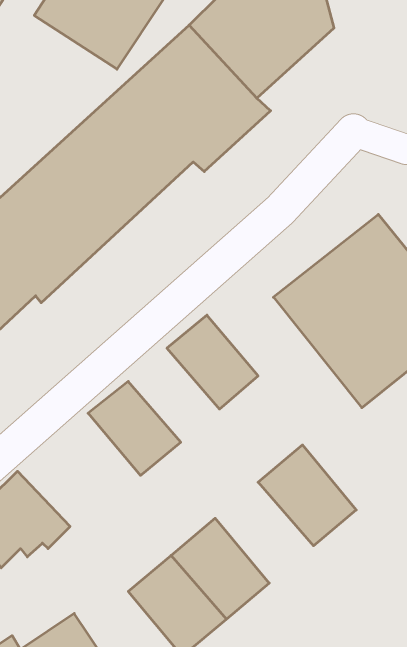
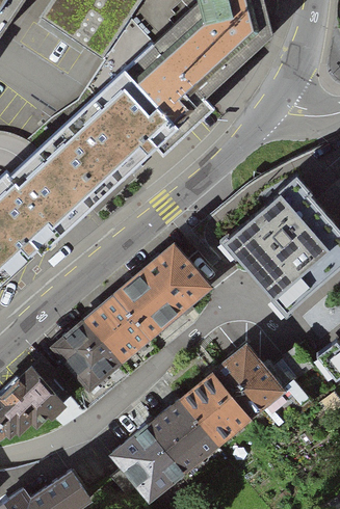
building: none -> [112,270,181,341]
building: none -> [53,319,122,391]
building: none -> [178,371,252,447]

